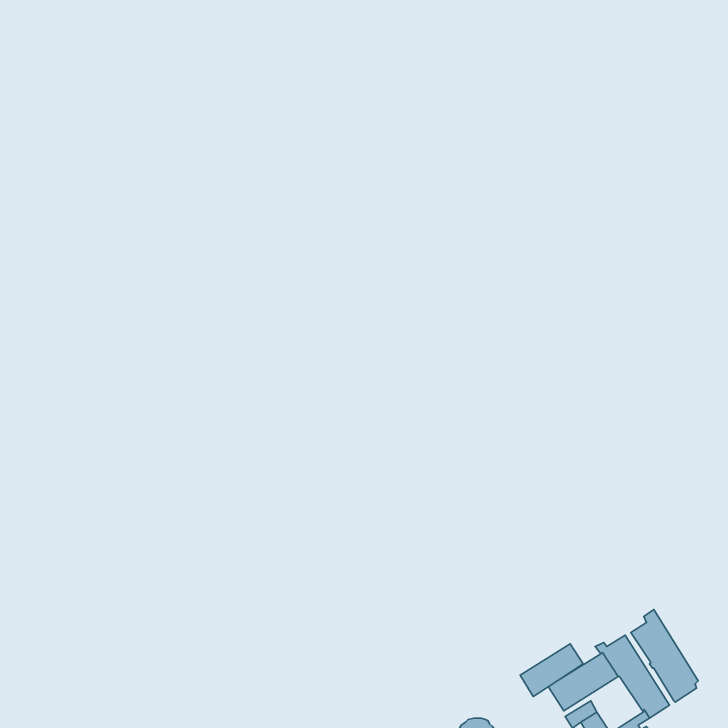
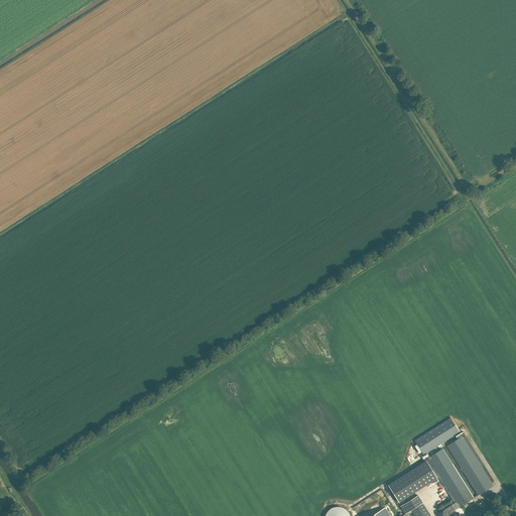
building: [520,644,583,697] -> [414,418,459,456]

